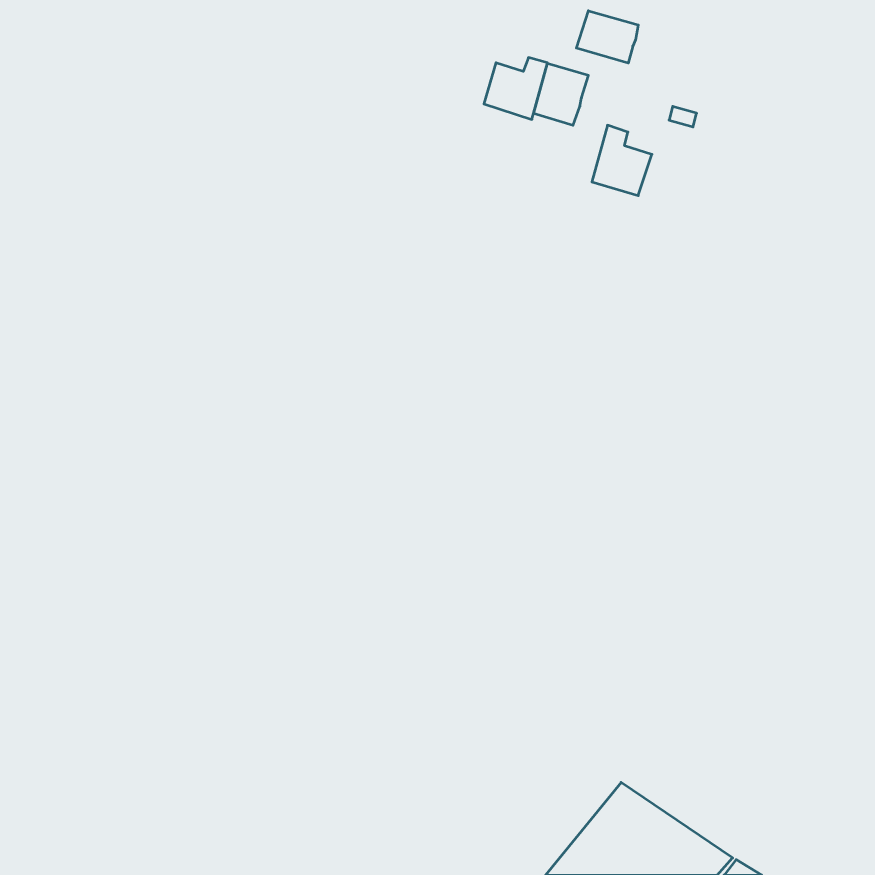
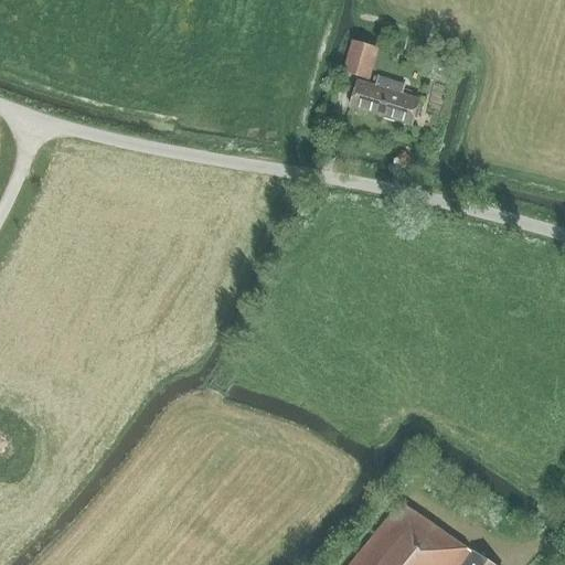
building: [576,11,638,63] -> none
building: [484,58,547,119] -> [351,77,392,117]

